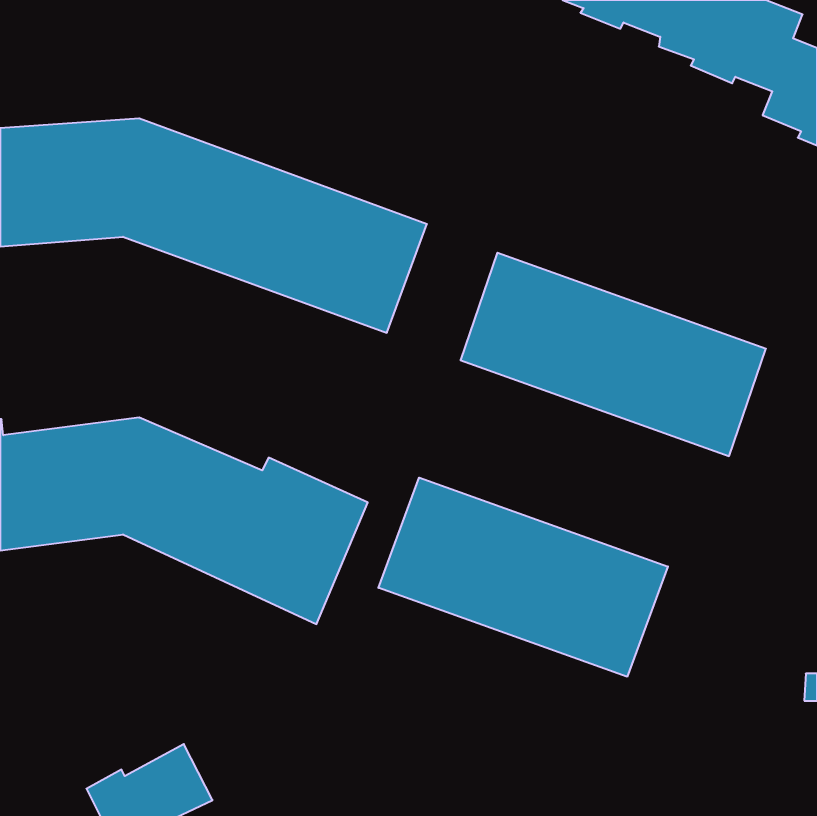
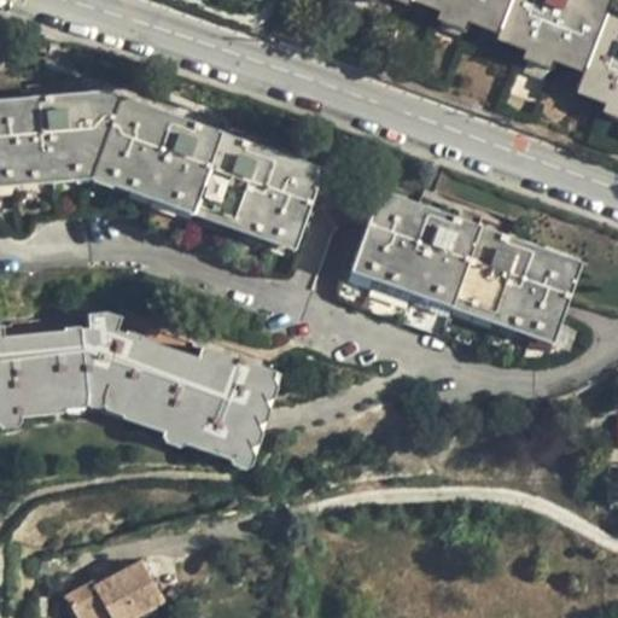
building: [378,478,668,677] -> none

